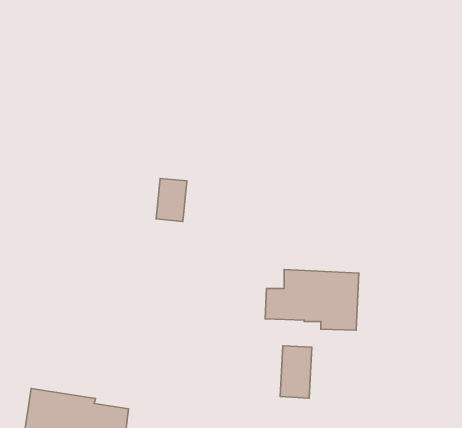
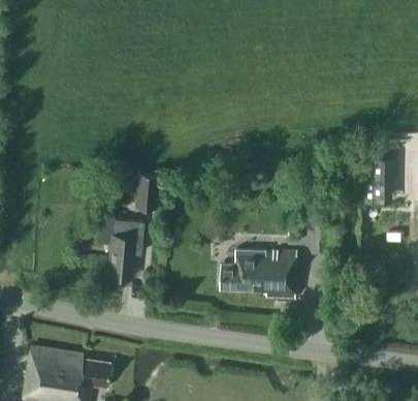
building: none -> [95,214,142,277]
building: [280,346,312,398] -> none

